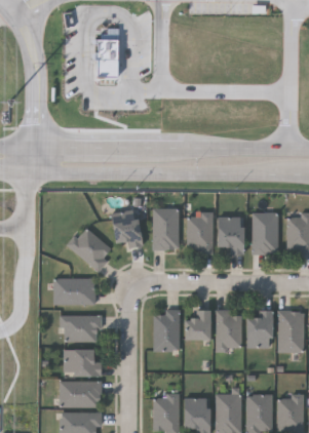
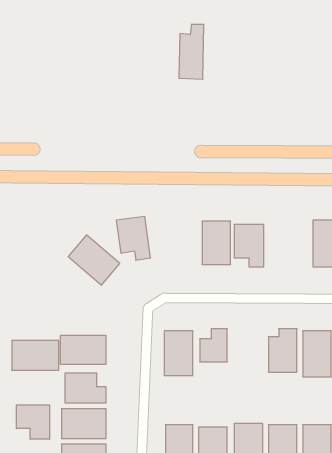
building: [100,29,122,78] -> [179,24,204,79]
building: [153,207,179,249] -> none
building: [254,211,278,253] -> none
building: [53,278,95,305] -> [12,341,59,370]
building: [217,309,242,349] -> none
building: none -> [16,405,50,439]

